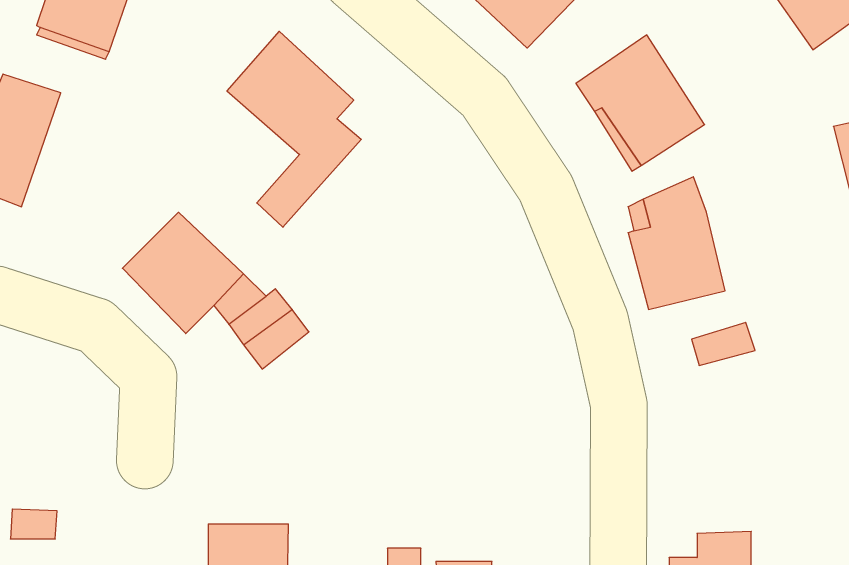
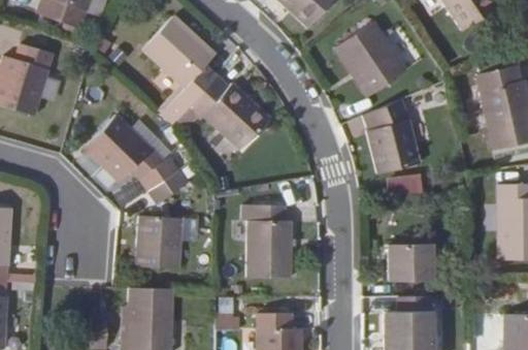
building: none -> [189,78,269,152]
building: none -> [230,199,282,283]
building: none -> [136,221,180,272]
building: none -> [387,243,432,281]

